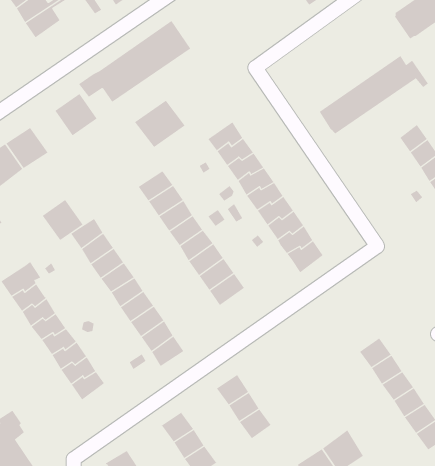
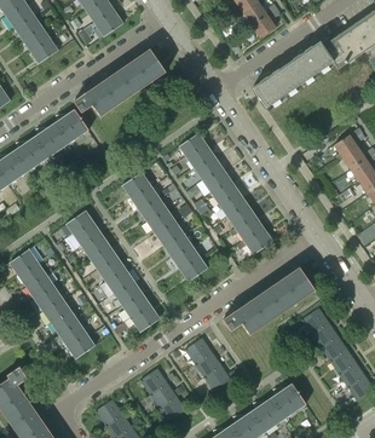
building: [319,55,429,134] -> [253,42,342,106]
building: [134,100,186,148] -> none
building: [42,199,84,241] -> [34,123,68,157]
building: none -> [223,266,315,335]

